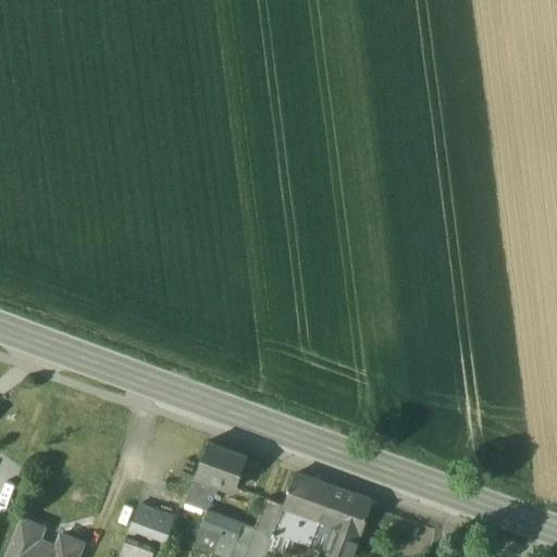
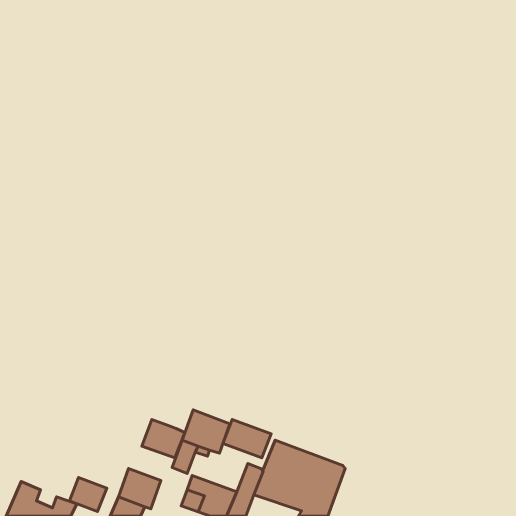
building: none -> [142,419,185,458]
building: none -> [223,420,271,458]
building: none -> [69,477,107,511]

